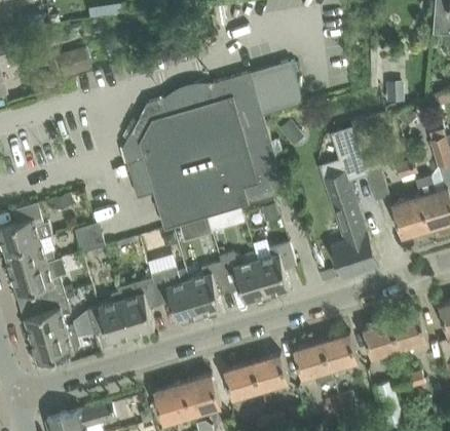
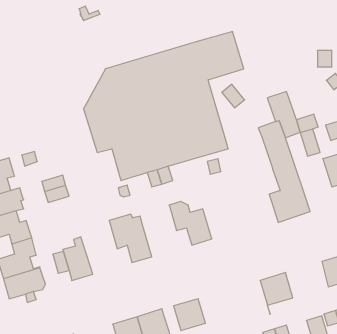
building: [54,47,87,78] -> none
building: [256,241,295,295] -> none
building: [188,263,226,315] -> none
building: [117,274,159,335] -> none
building: [362,320,398,357] -> none
building: [292,342,332,384] -> none
building: [251,354,288,390] -> none

